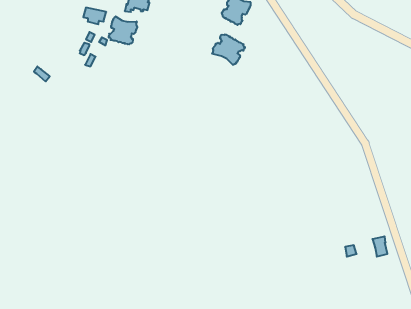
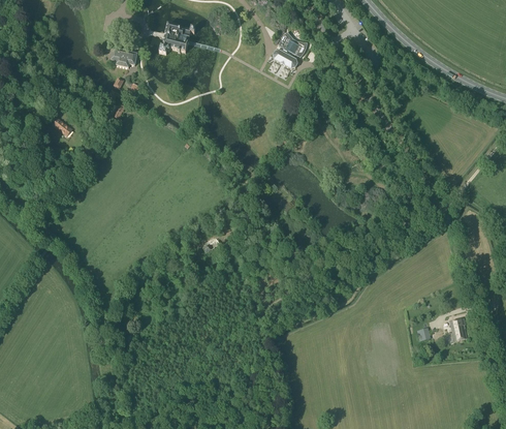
building: [109,16,137,44] -> none
building: [212,34,245,65] -> none

